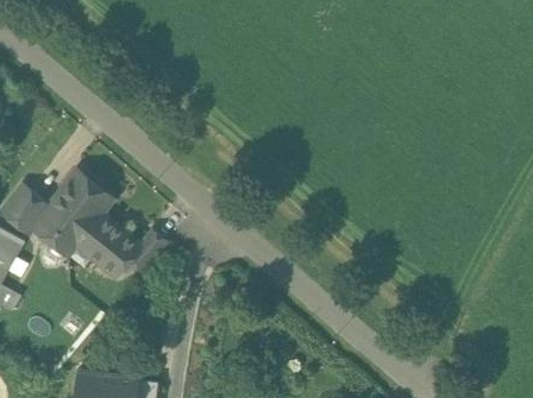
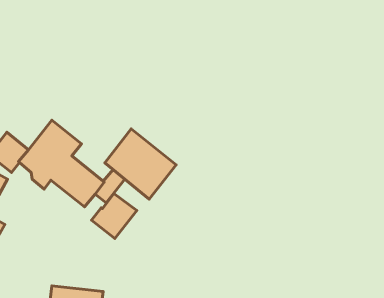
building: none -> [105,129,176,199]
building: none -> [92,193,137,238]

